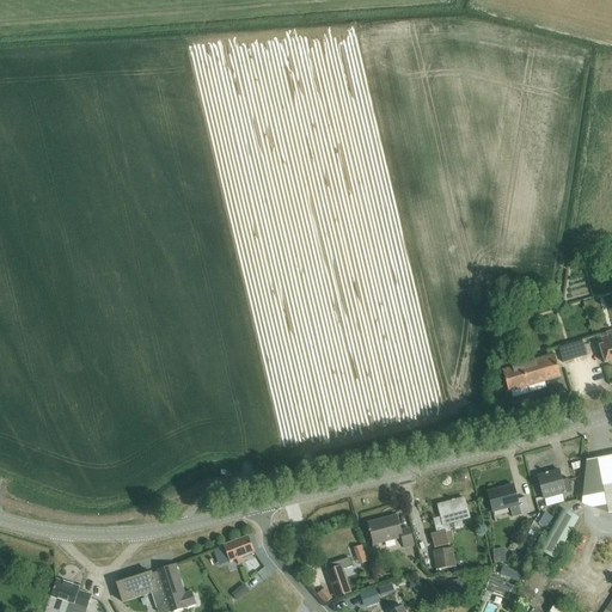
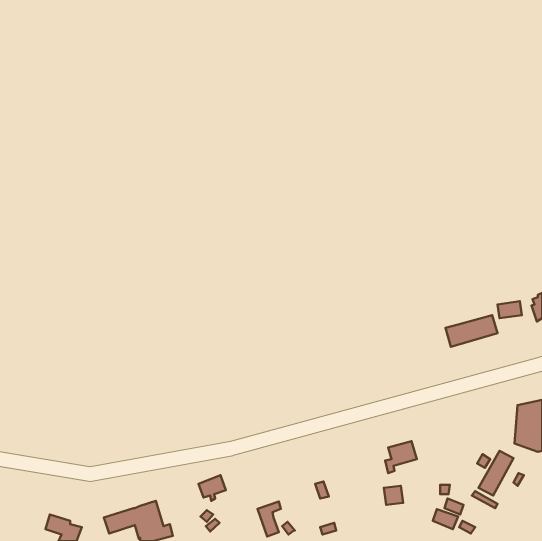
building: [537,469,571,498] -> none
building: [488,484,530,516] -> none
building: [368,515,414,547] -> none
building: [325,557,351,596] -> [257,502,281,537]

